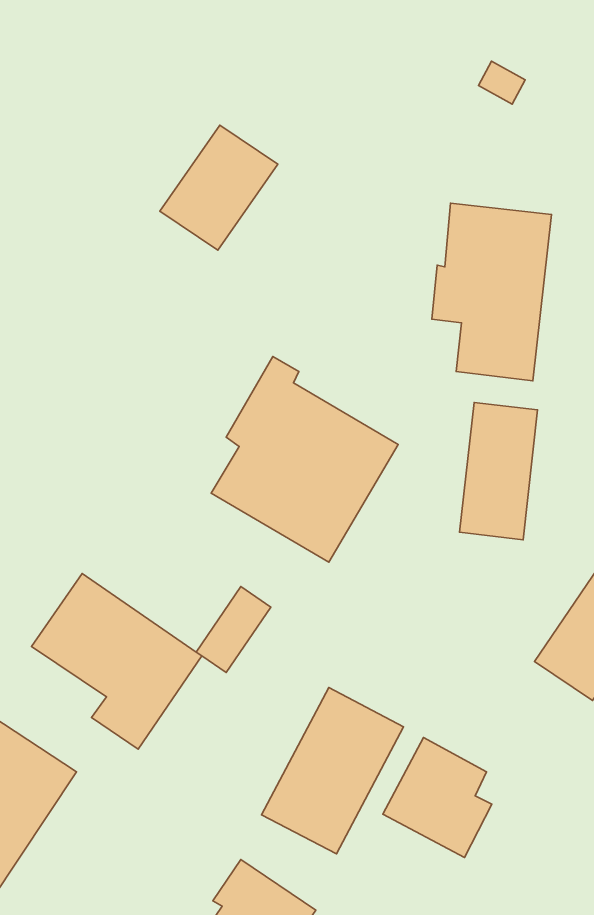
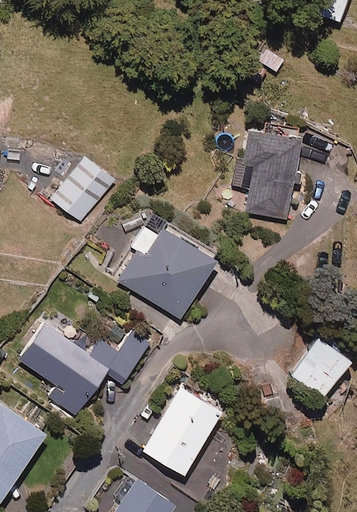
building: [160,125,278,250] -> [53,159,116,226]
building: [459,402,538,540] -> none
building: [383,737,492,857] -> none

